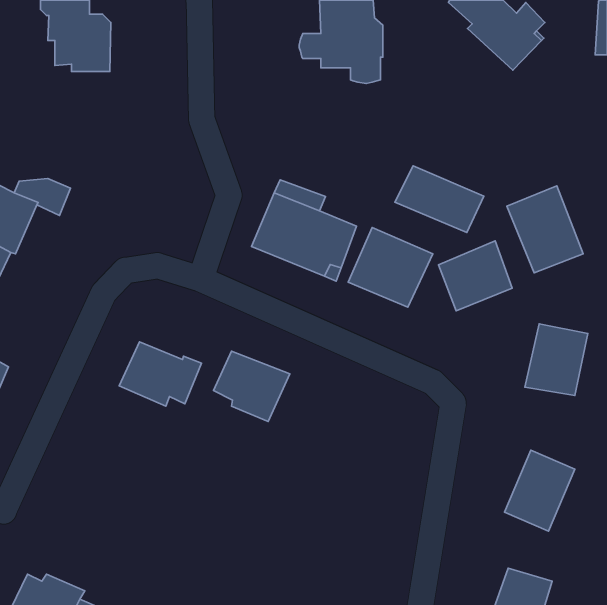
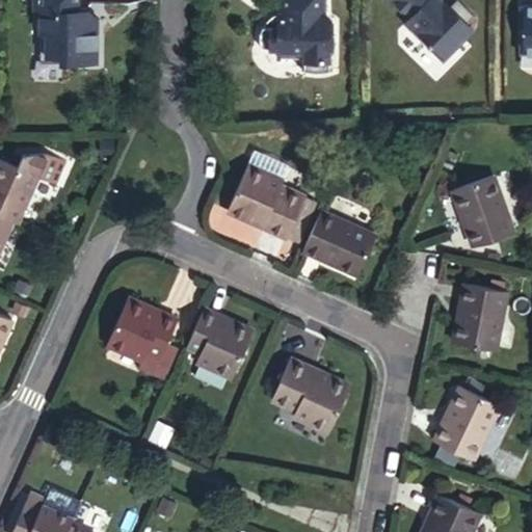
building: [395,166,484,233] -> none
building: [438,241,512,311] -> none
building: none -> [274,360,352,428]

